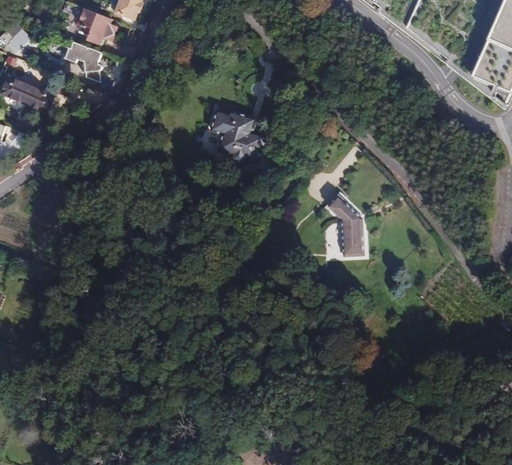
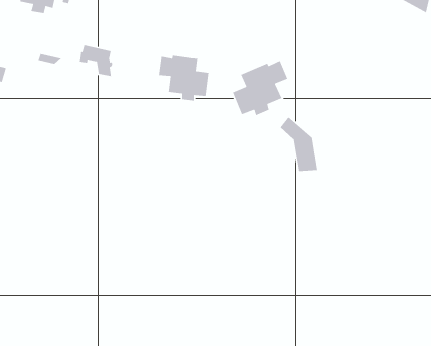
building: [67,40,104,79] -> [78,44,113,77]
building: none -> [232,60,288,116]

